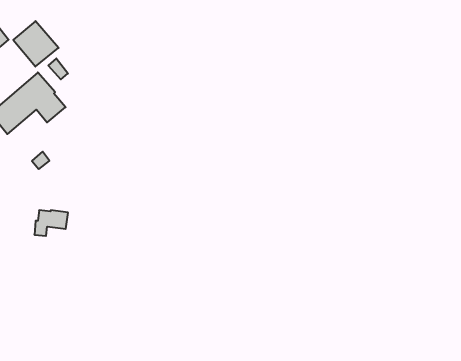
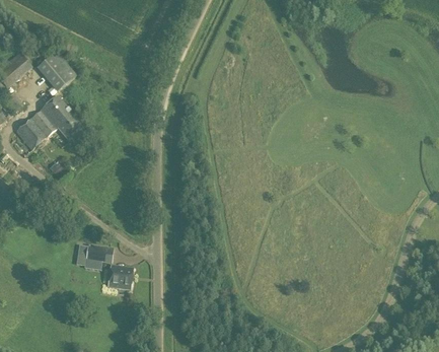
building: [34,210,68,236] -> [74,243,103,266]
building: none -> [108,264,133,288]

